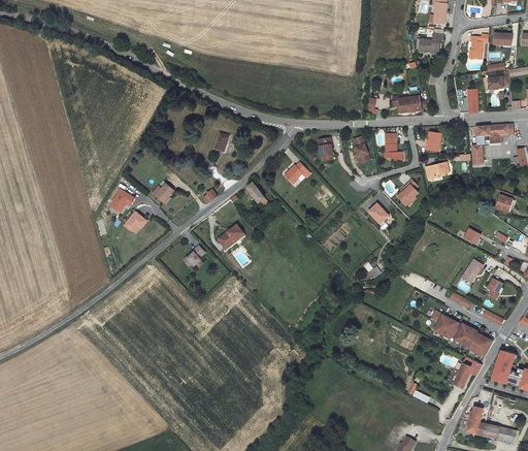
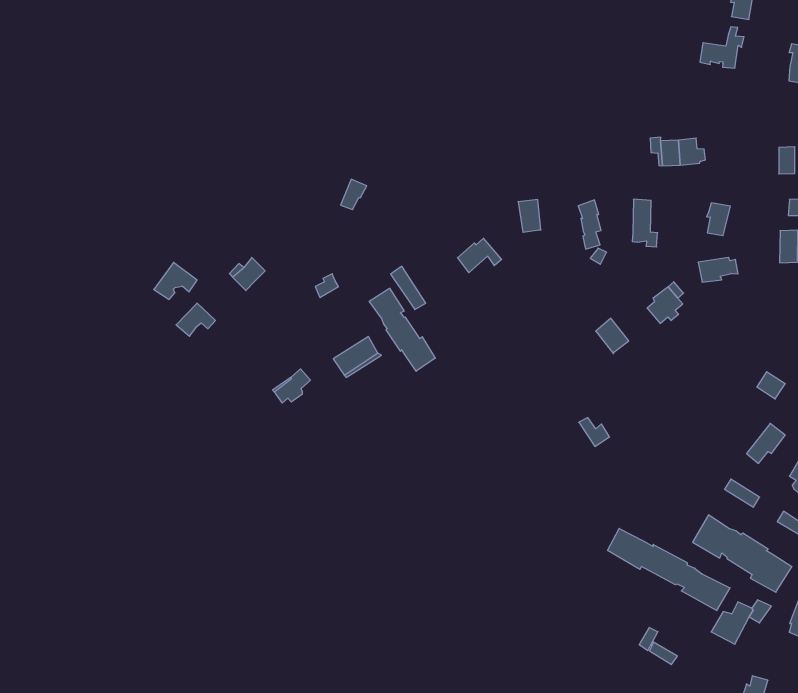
building: none -> [369,288,435,371]
building: none -> [608,528,730,611]

